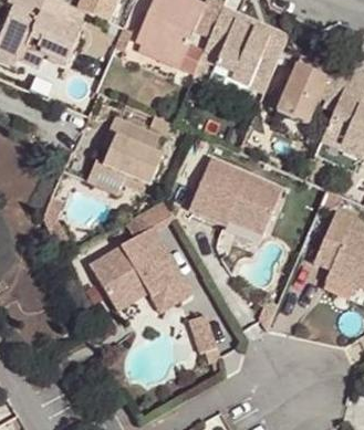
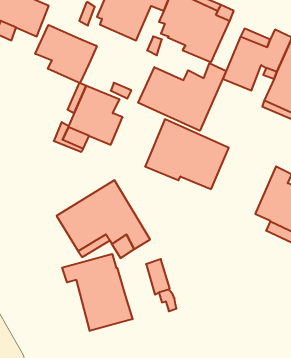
building: none -> [35,25,97,83]
building: none -> [138,63,226,131]
building: none -> [62,254,133,331]

